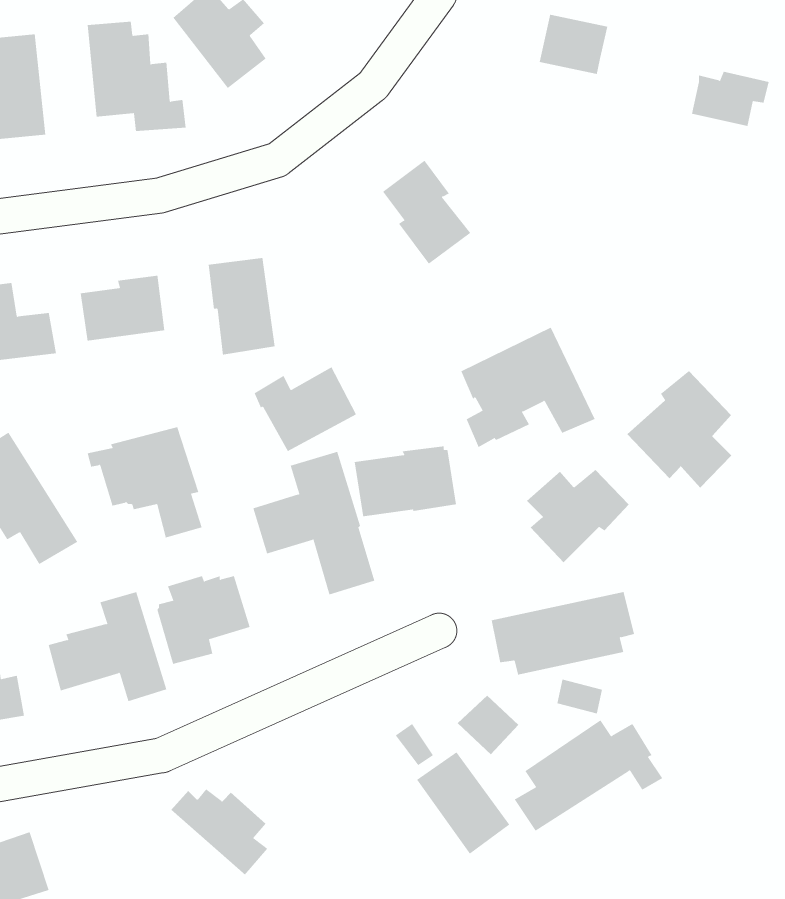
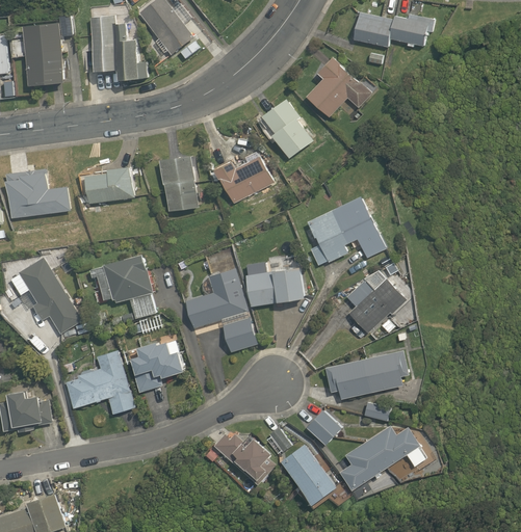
building: [691,71,769,126] -> [389,14,435,46]
building: none -> [305,56,371,117]
building: [254,366,357,452] -> [213,155,273,205]
building: [626,370,732,488] -> none
building: [170,788,268,875] -> [213,433,270,484]

